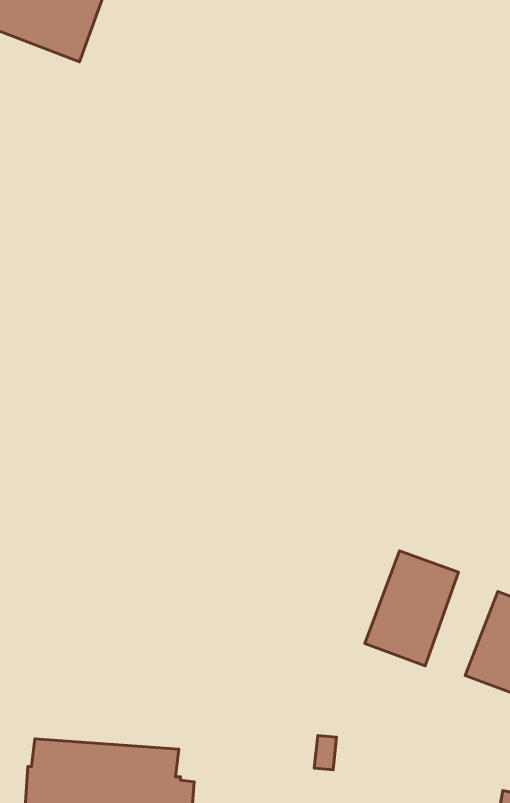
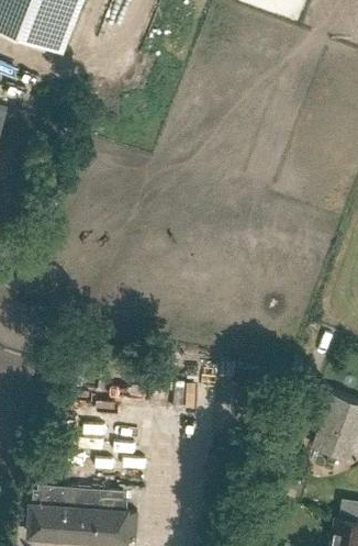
building: [365,551,458,666] -> none

